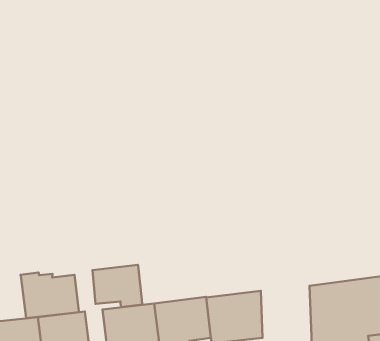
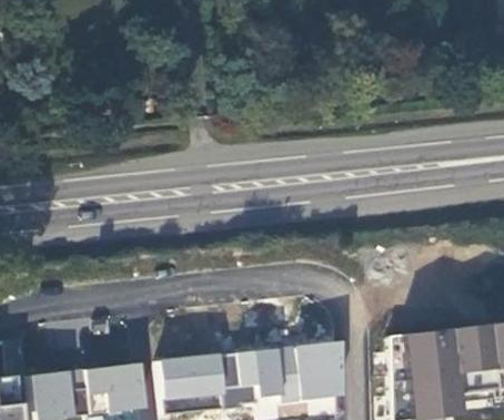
building: [92,265,142,307] -> none
building: [21,272,79,318] -> none

